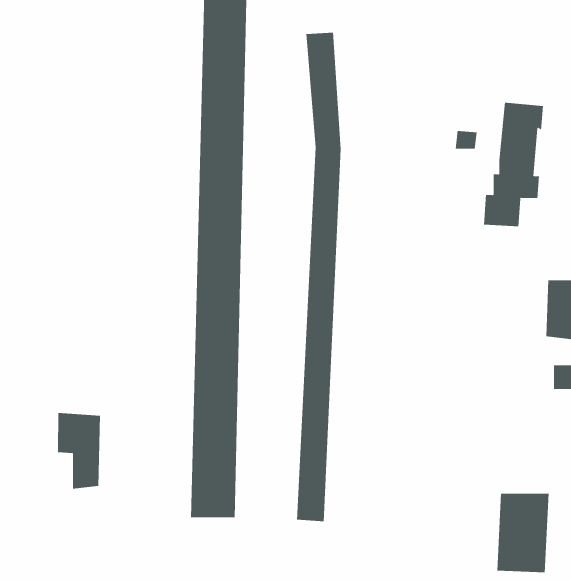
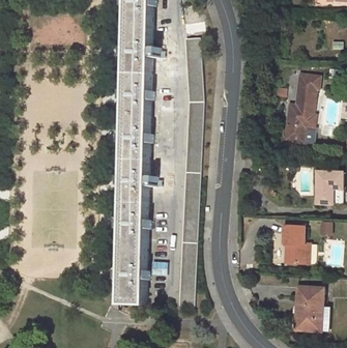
building: none -> [280,228,302,266]
building: [58,412,100,489] -> none

